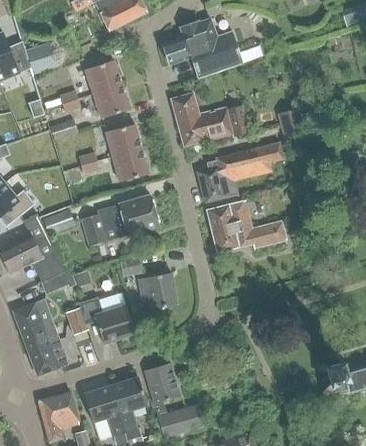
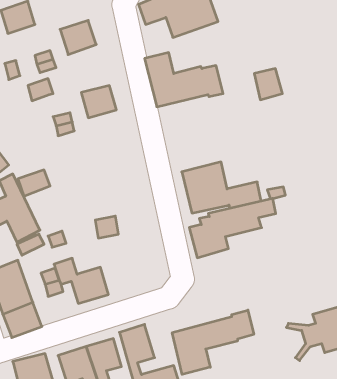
building: [93,84,129,118] -> none
building: [197,143,283,202] -> [189,198,276,258]
building: [113,149,148,182] -> none
building: [83,195,158,245] -> none
building: [138,273,177,308] -> none
building: none -> [172,310,254,374]

